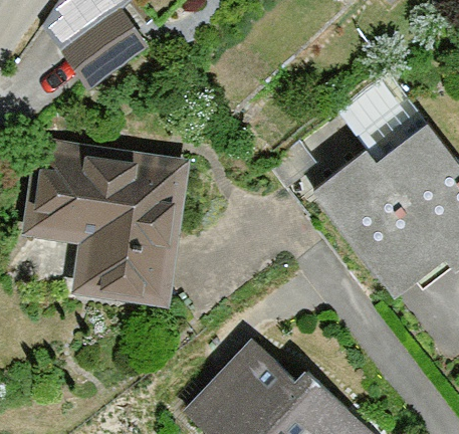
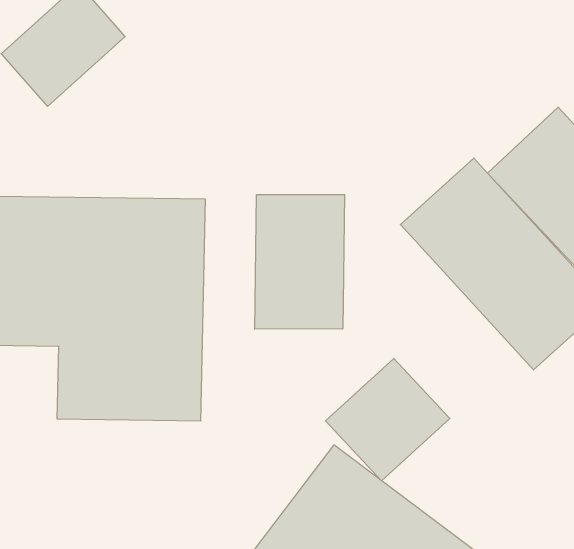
building: none -> [255,195,345,329]
building: none -> [325,358,450,481]

